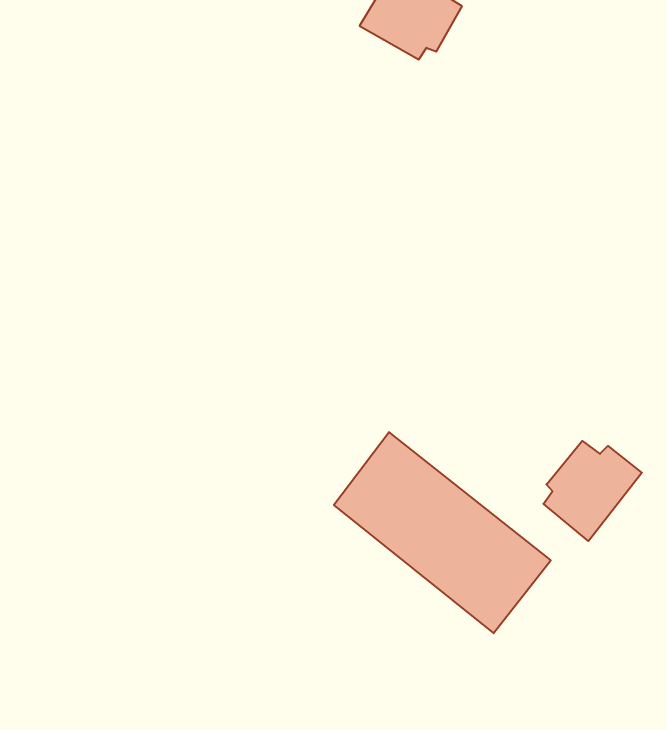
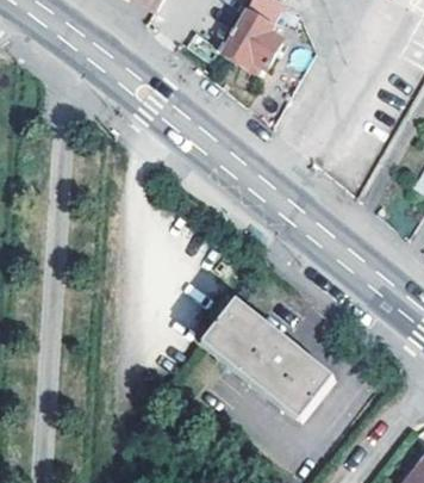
building: [543,441,642,541] -> none

